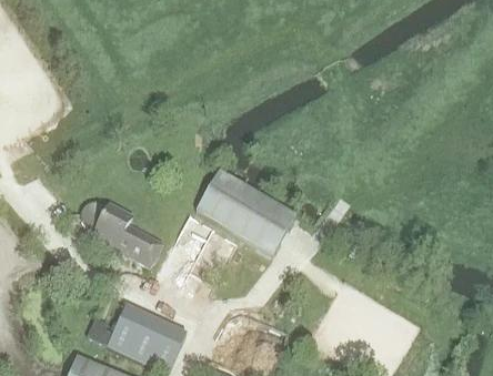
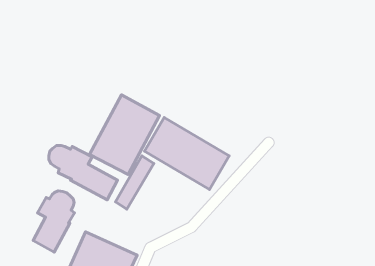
building: none -> [89,95,159,174]
building: none -> [33,191,74,252]

